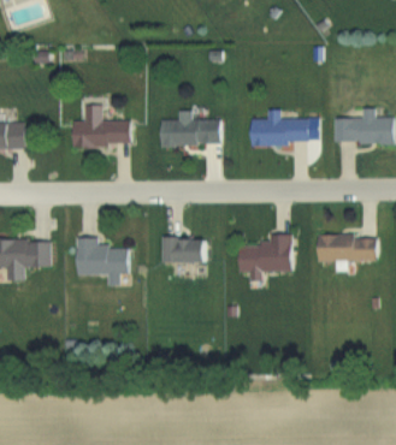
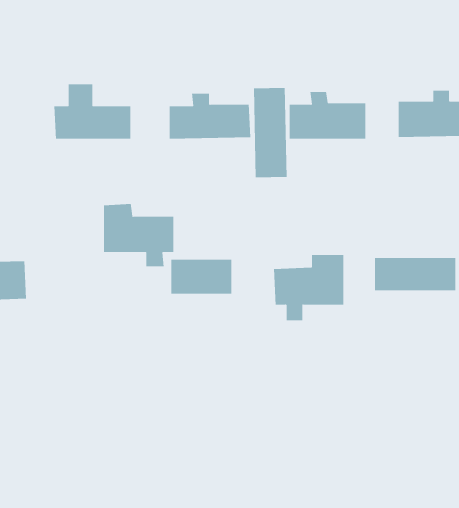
building: none -> [254,87,287,178]
building: [73,237,128,285] -> [103,204,174,267]

